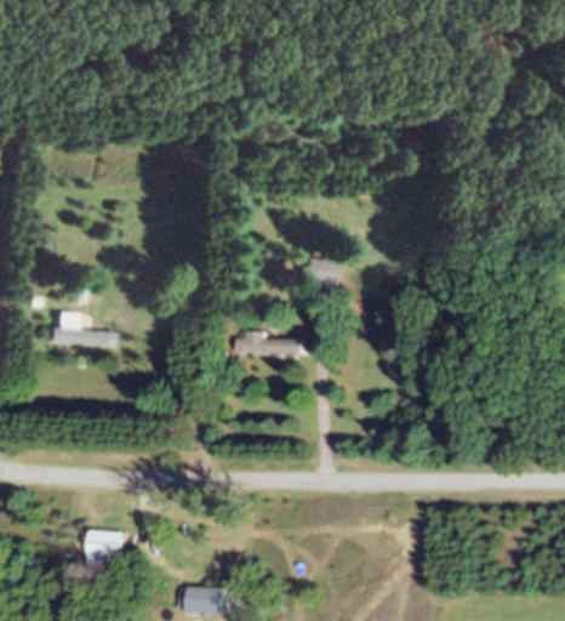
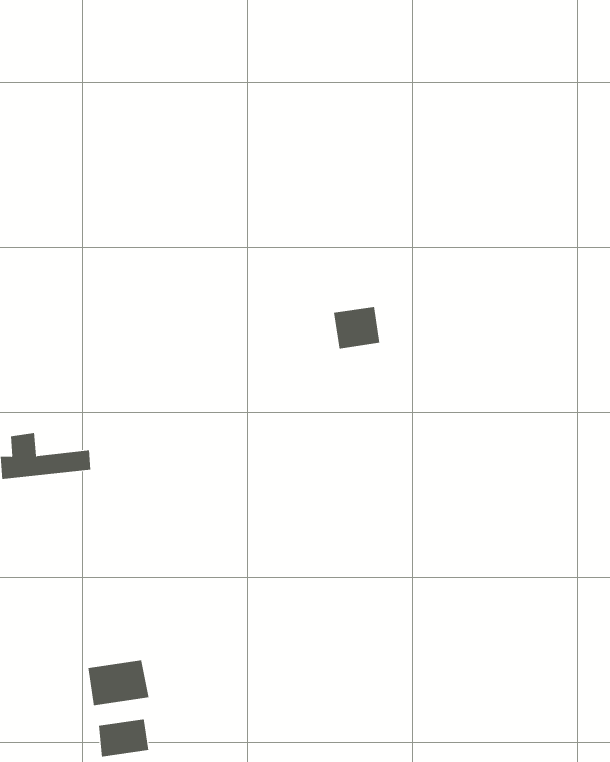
building: [236,331,303,353] -> none
building: none -> [88,660,149,706]

